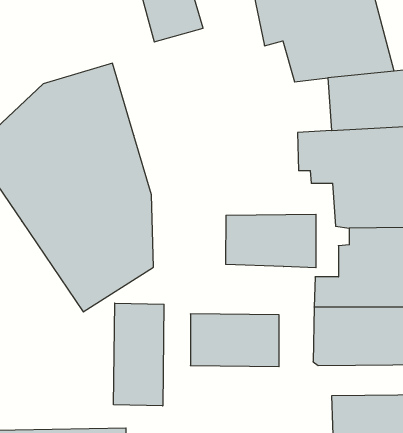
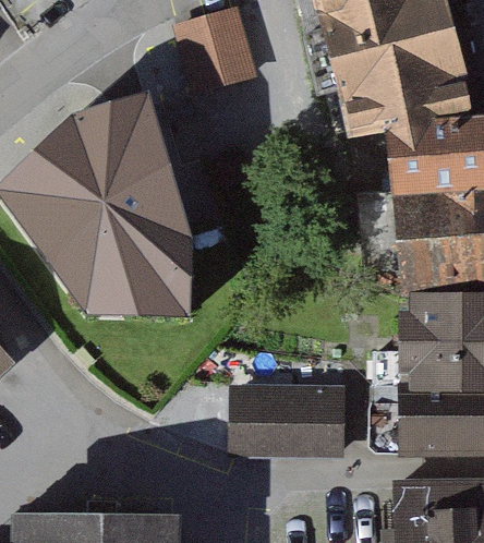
building: [226,214,316,268] -> none
building: [114,303,164,406] -> none

